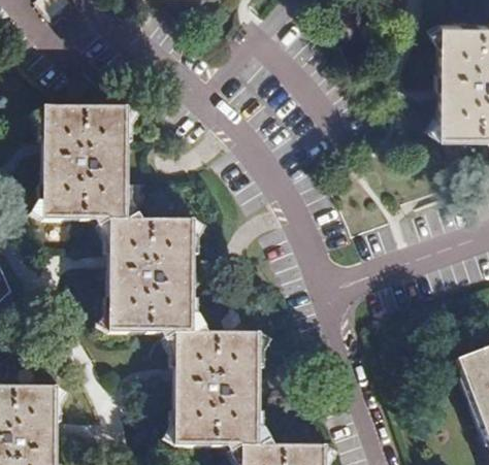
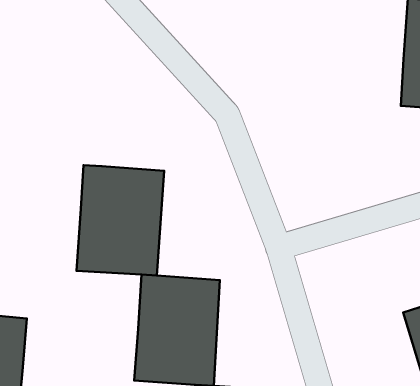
building: [42,106,128,220] -> none

